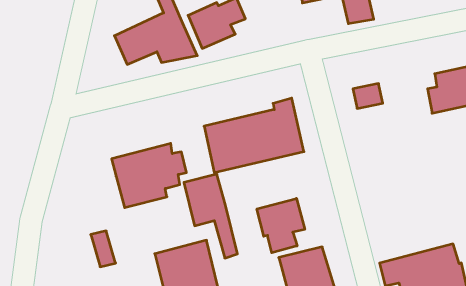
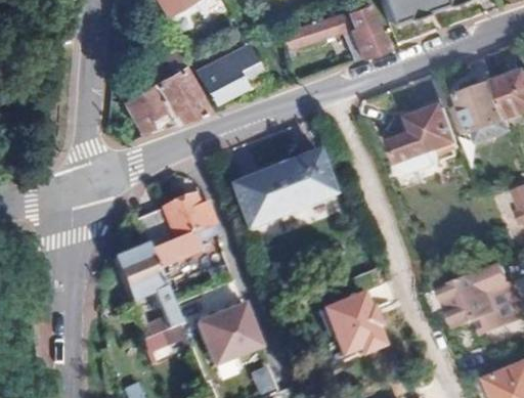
building: none -> [393,73,456,163]
building: [184,174,237,258] -> [115,248,180,333]
building: [257,198,305,253] -> none

